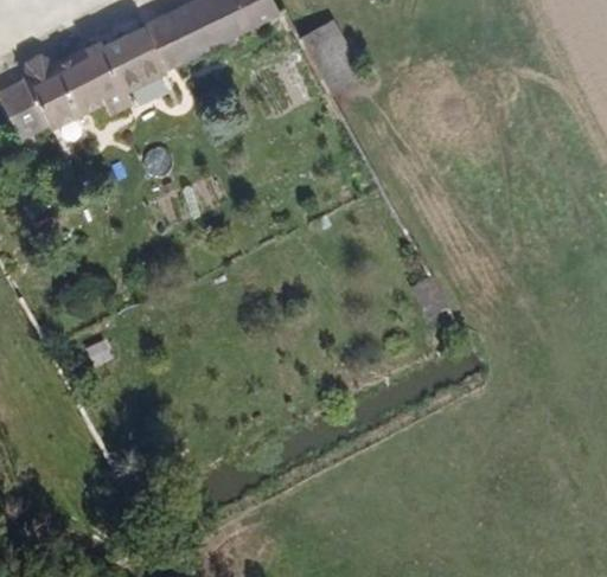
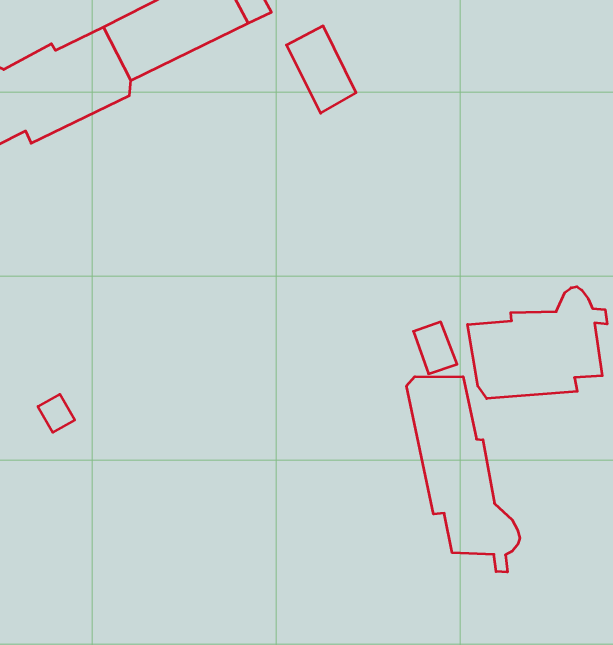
building: none -> [468,287,607,399]
building: none -> [407,377,520,572]

